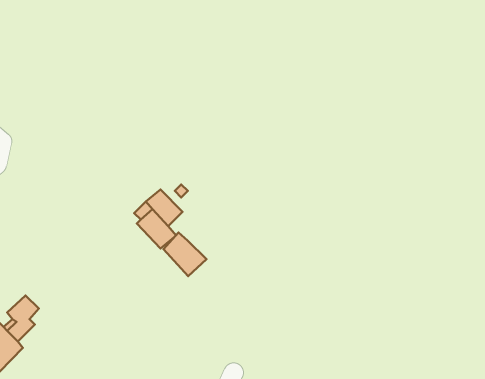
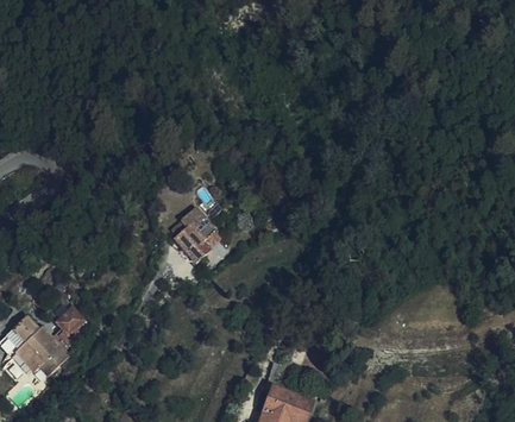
building: [164,232,206,276] -> none

